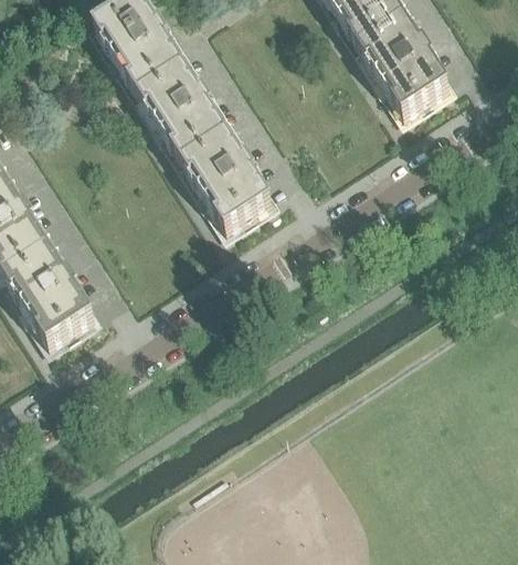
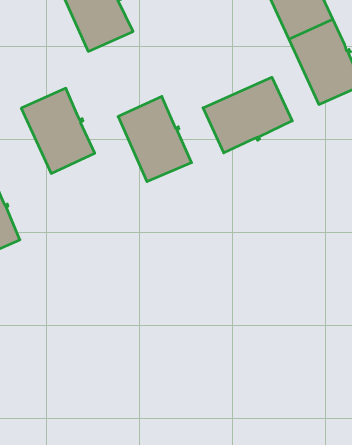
building: [141,73,231,170] -> [21,88,95,173]
building: none -> [203,77,292,153]

